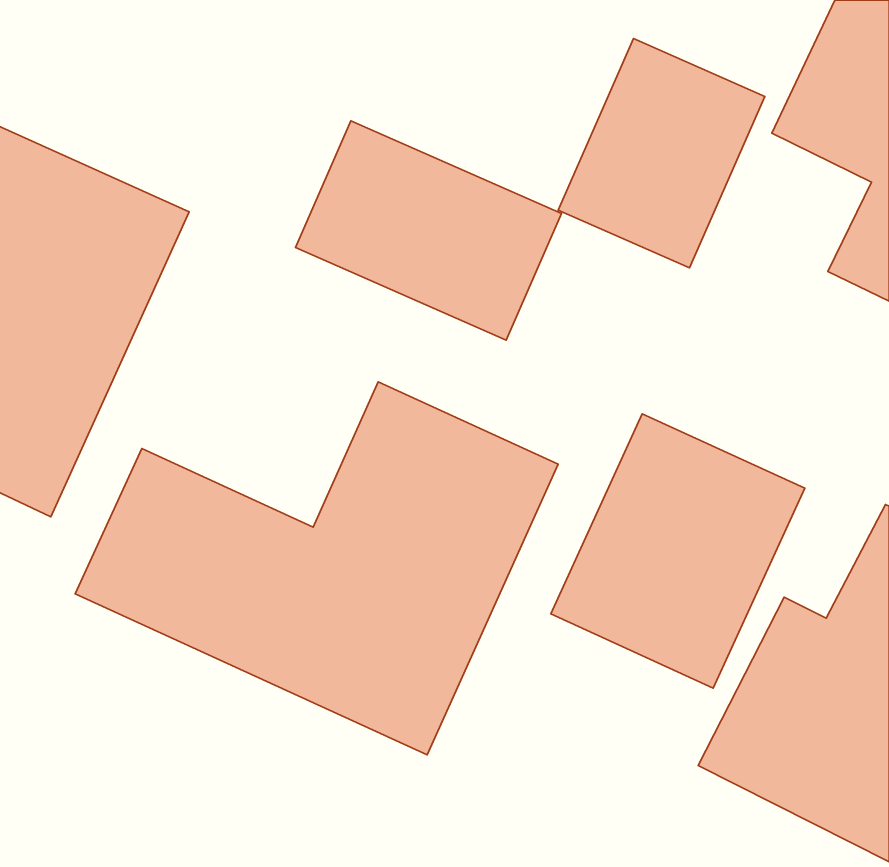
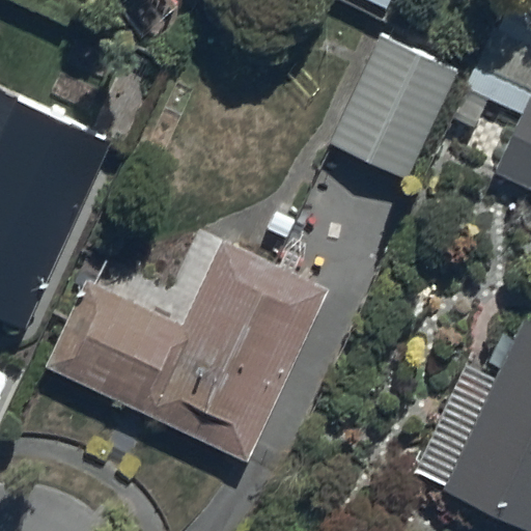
building: [296,121,562,340] -> none
building: [551,414,805,688] -> none

